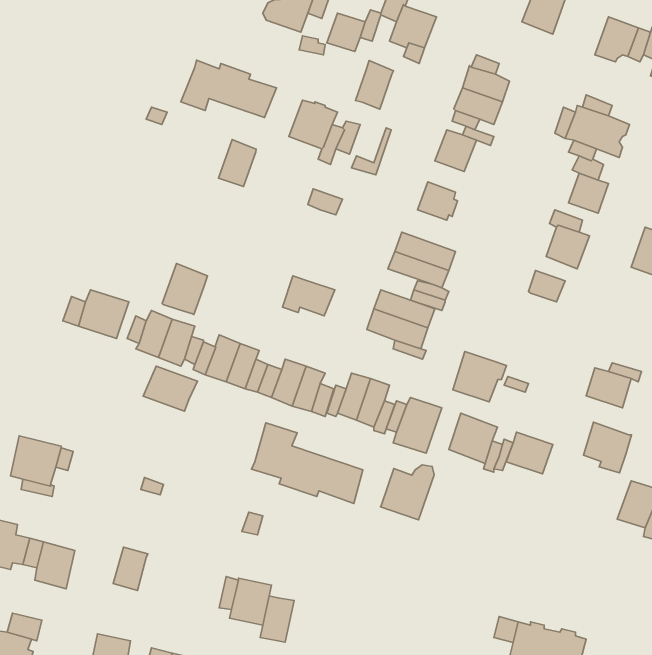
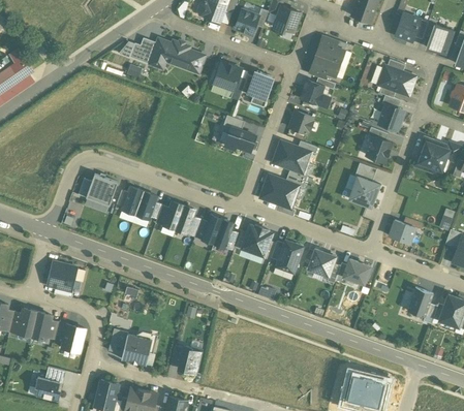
building: none -> [130,37,157,63]
building: [355,60,394,109] -> [249,70,272,99]
building: [218,140,256,186] -> none
building: [162,263,207,315] -> none
building: [283,276,335,316] -> [225,127,256,151]
building: [453,352,507,402] -> [349,177,381,207]
building: [143,366,197,411] -> none
building: [583,422,632,473] -> none
building: [252,423,363,504] -> none
building: [380,465,434,520] -> none
building: none -> [122,334,157,366]
building: [260,596,294,642] -> none

